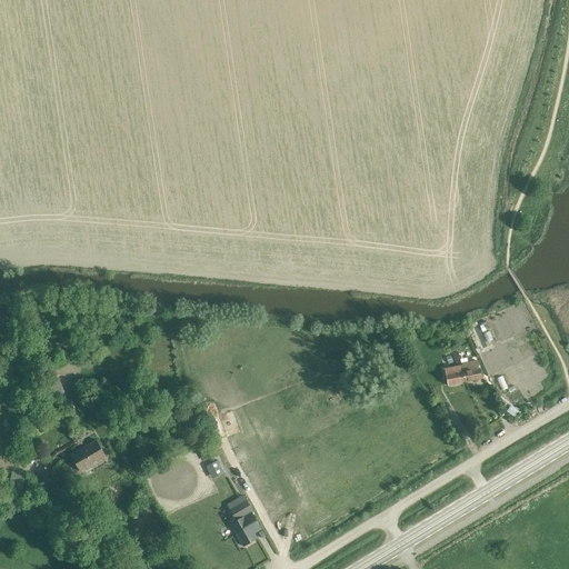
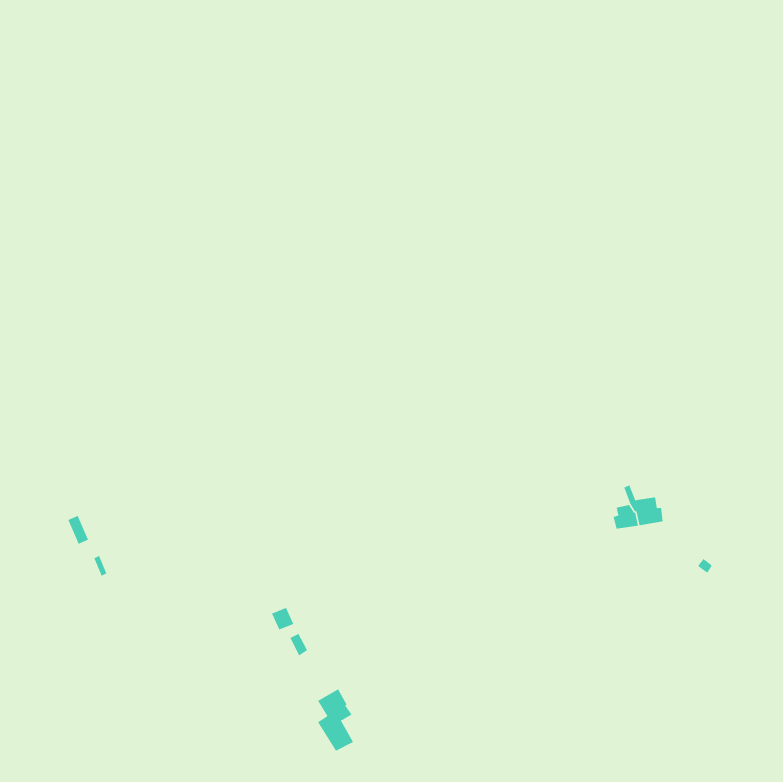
building: [71,440,106,471] -> none

